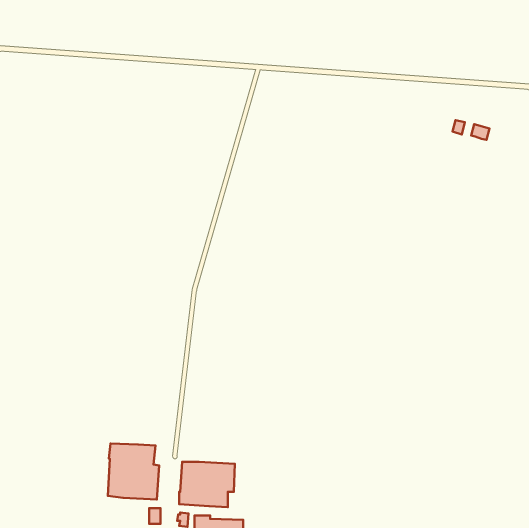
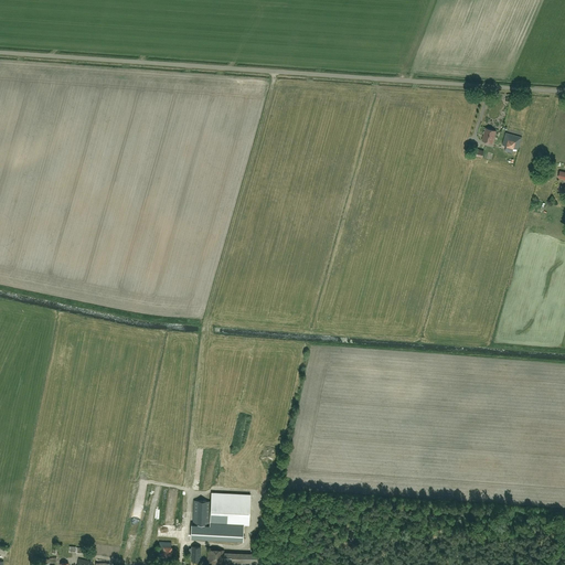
building: [108,443,159,500] -> none

